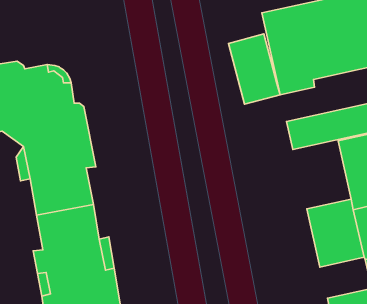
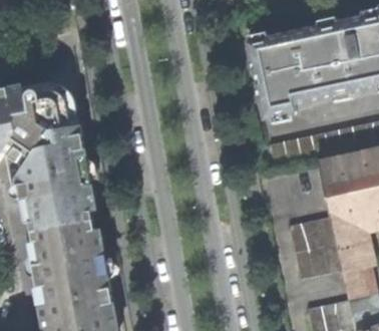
building: [228,34,280,104] -> none

